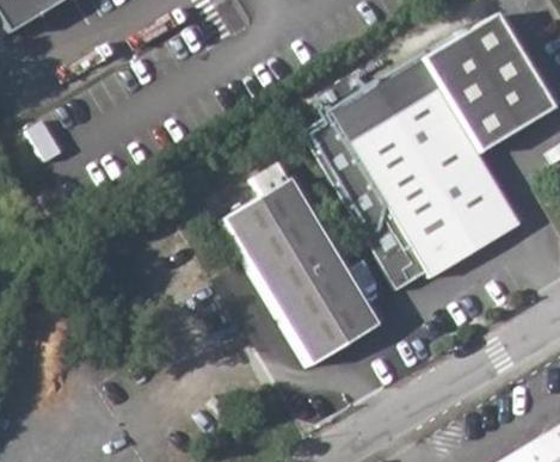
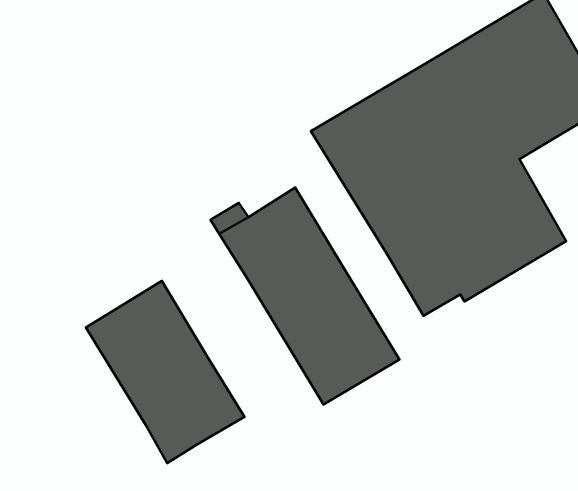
building: none -> [86,281,244,463]

